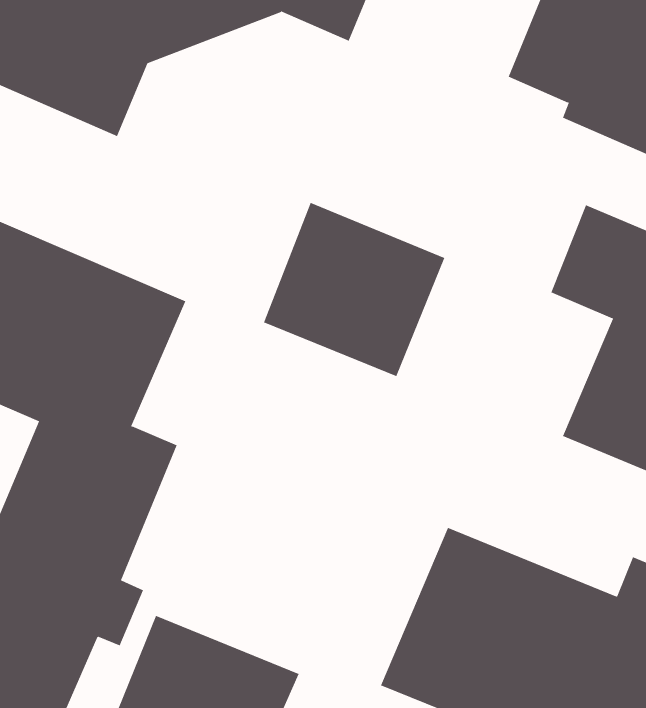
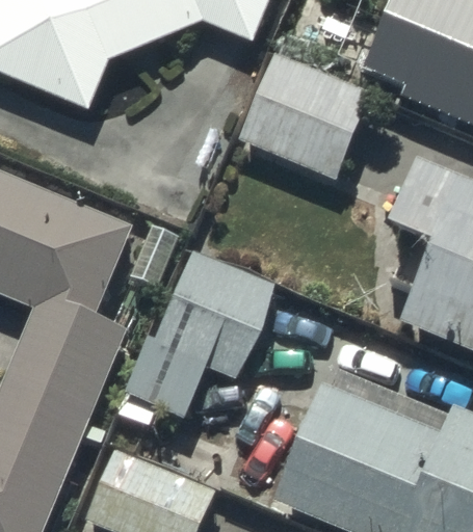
building: [263,202,445,377] -> [240,51,369,175]
building: none -> [119,250,275,422]

